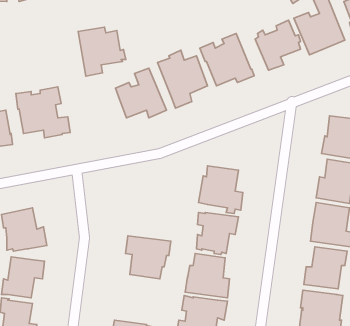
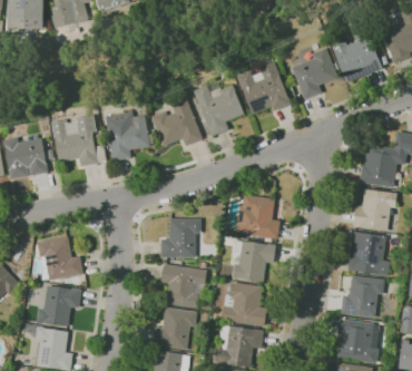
building: [78,27,126,76] -> [106,111,154,160]
building: none -> [160,218,200,257]
building: none -> [151,307,197,350]

